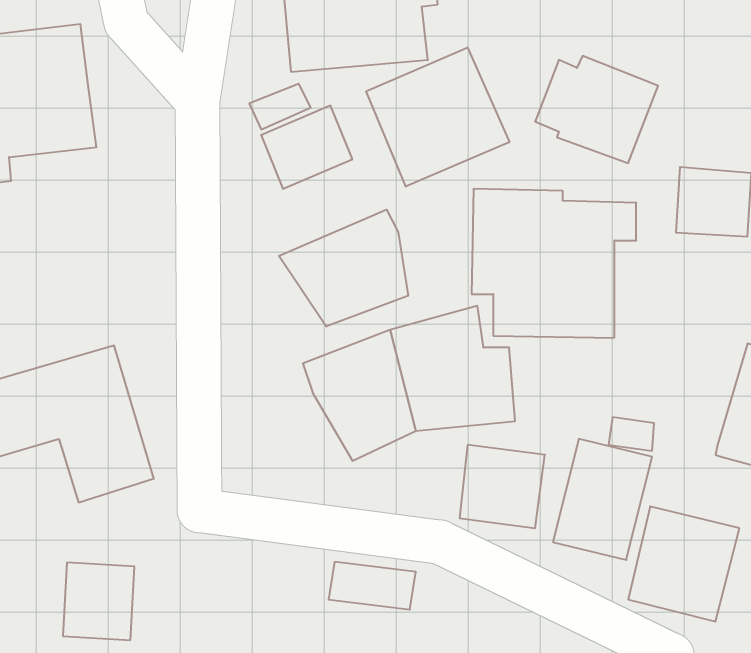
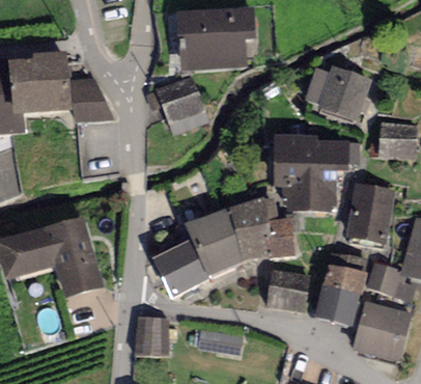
building: [366,47,509,187] -> none
building: none -> [72,78,114,120]
building: [279,210,408,327] -> none
building: none -> [344,181,396,245]
building: none -> [155,241,209,296]
building: none -> [368,262,413,298]
building: [63,563,134,640] -> [134,316,171,356]

